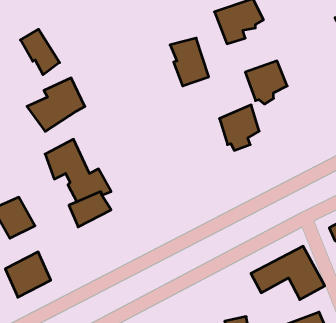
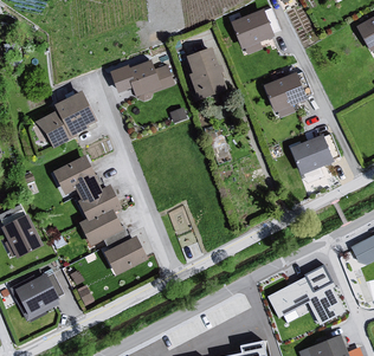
building: [20,29,60,75] -> none
building: none -> [124,60,175,102]
building: [219,105,259,150] -> [291,134,333,181]
building: none -> [103,235,147,277]

